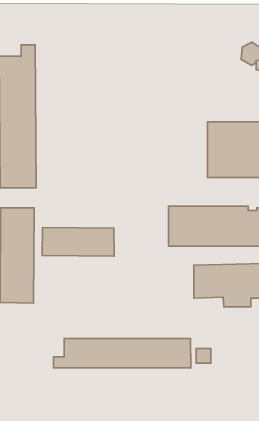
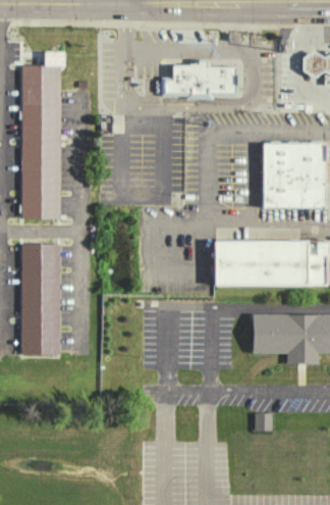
building: none -> [163,60,240,100]
building: [42,227,114,256] -> none
building: [53,338,191,368] -> none

